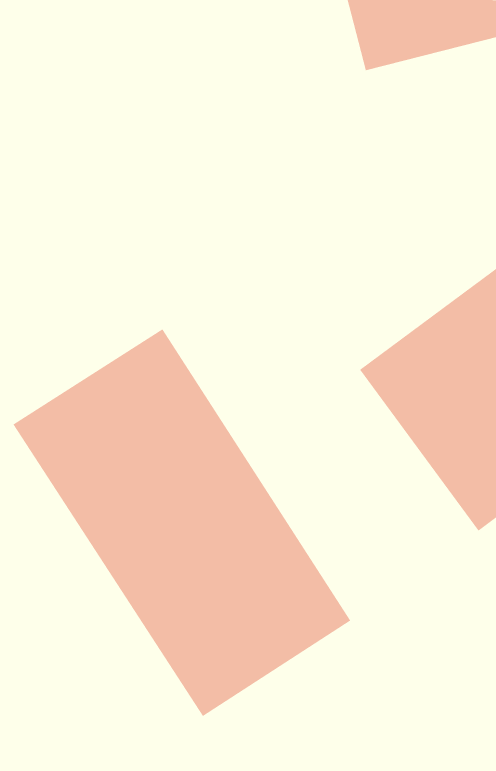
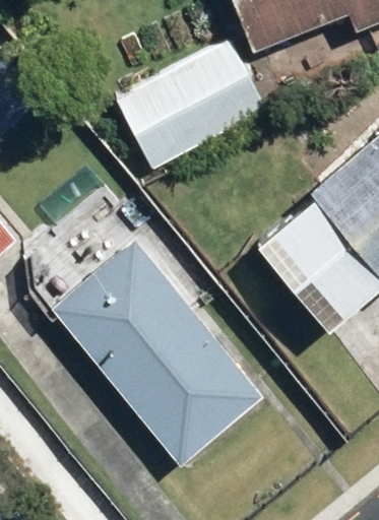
building: none -> [122,52,255,162]

